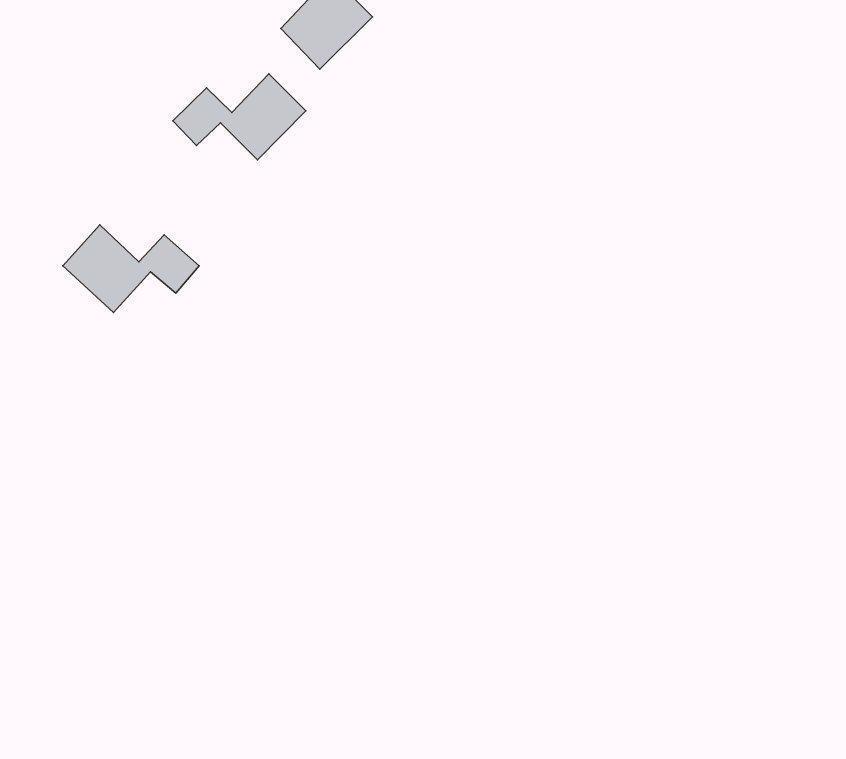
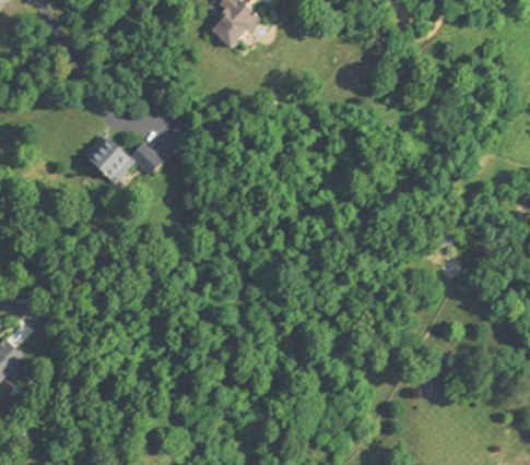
building: [173,74,306,160] -> none

